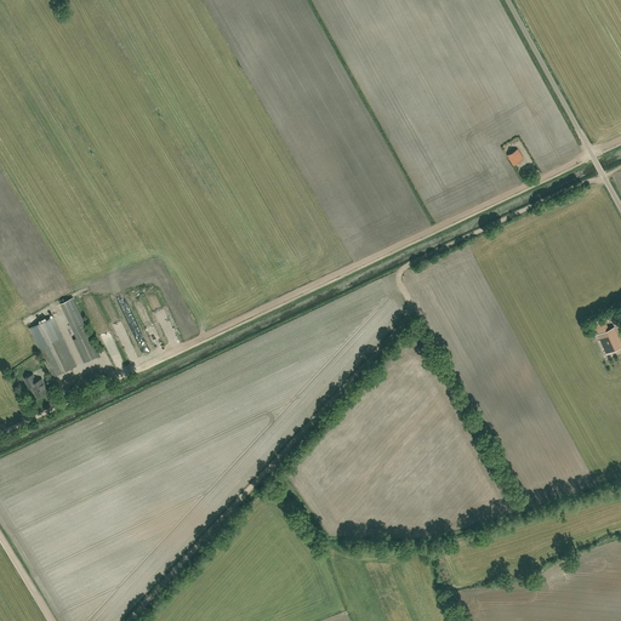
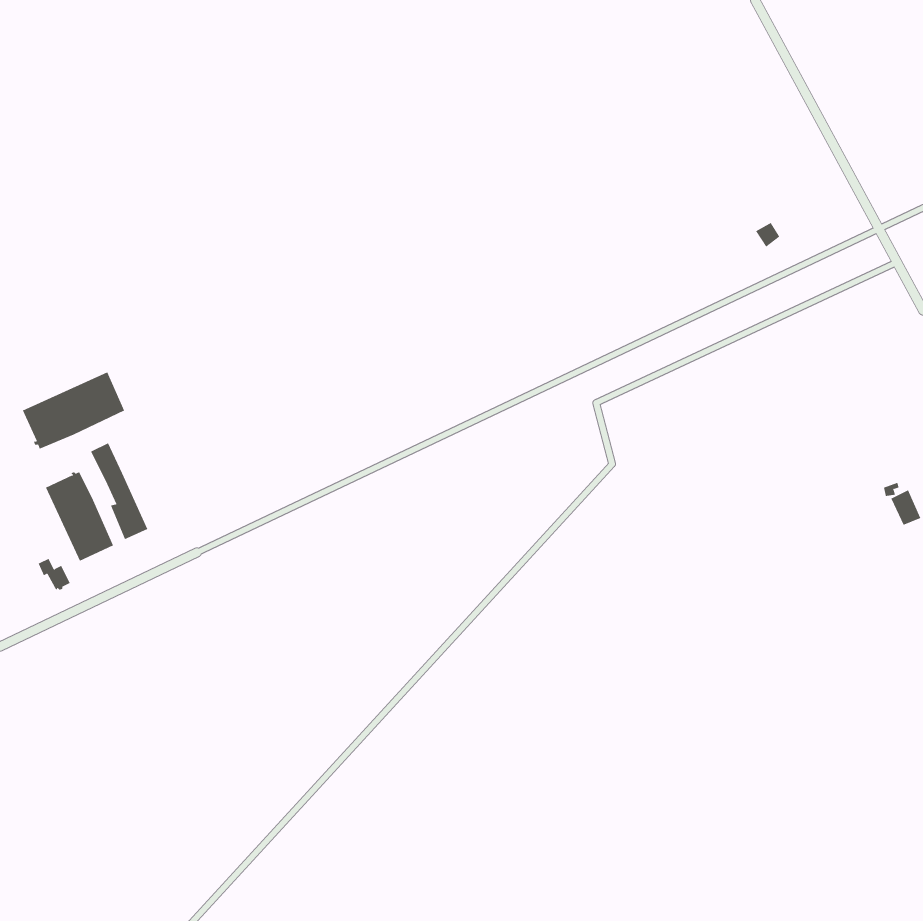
building: none -> [22,372,125,449]

